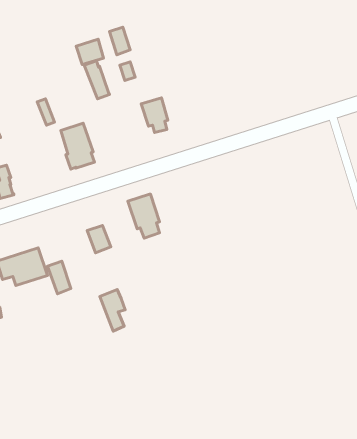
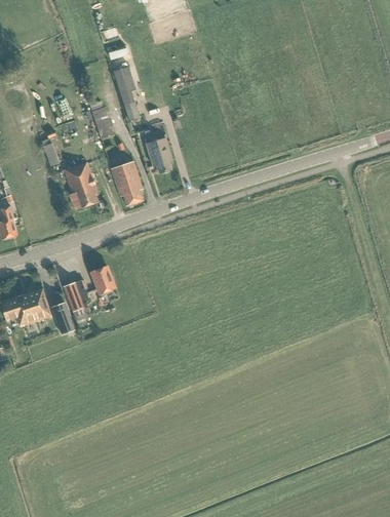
building: [76,39,104,64] -> none
building: [128,194,160,238] -> [110,161,142,205]
building: [100,289,125,331] -> [63,279,88,321]

